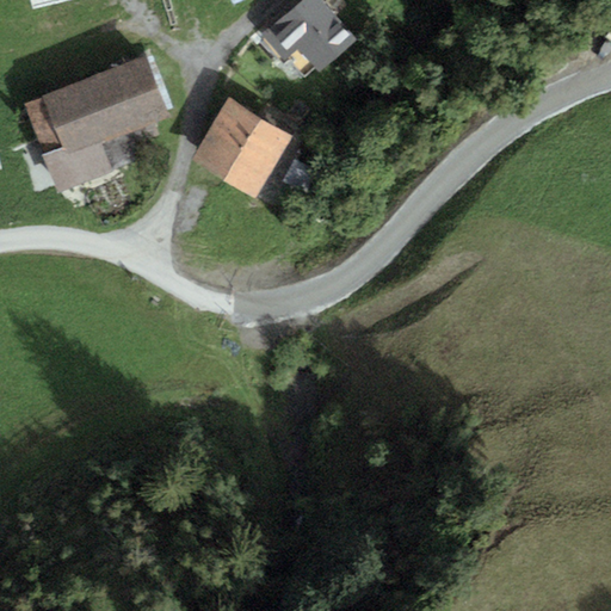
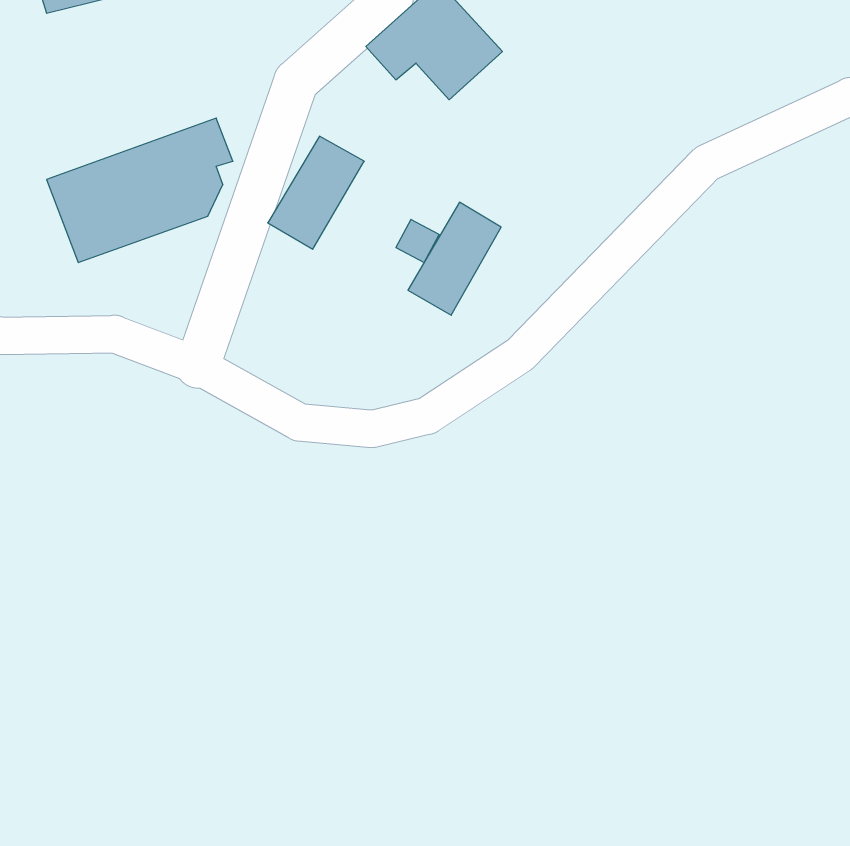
building: [25,55,155,129] -> none
building: [224,116,291,197] -> [408,202,501,315]

